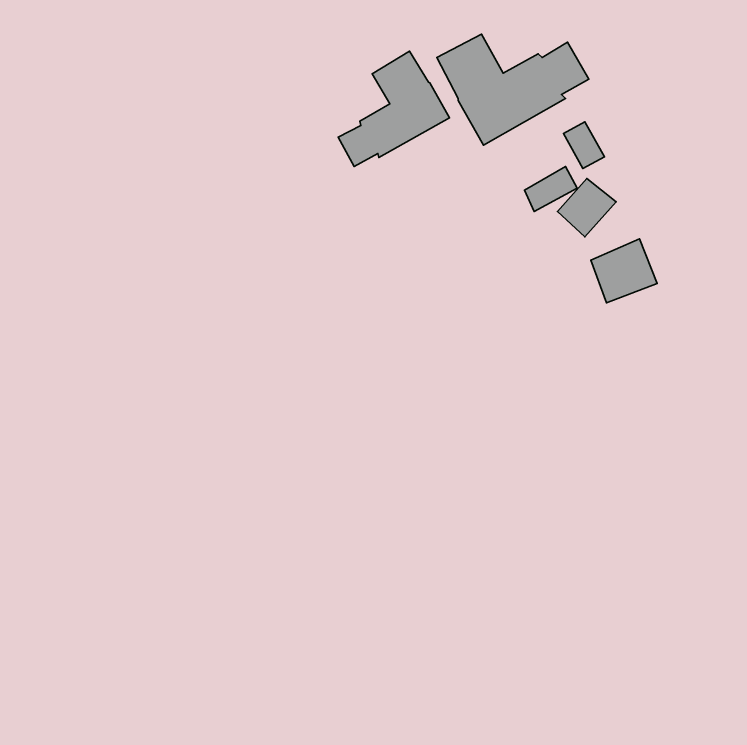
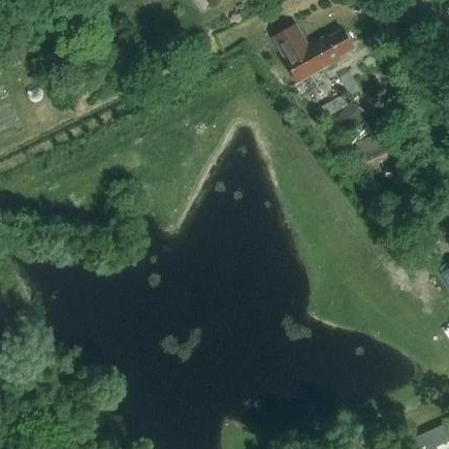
building: [338,51,450,167] -> none

